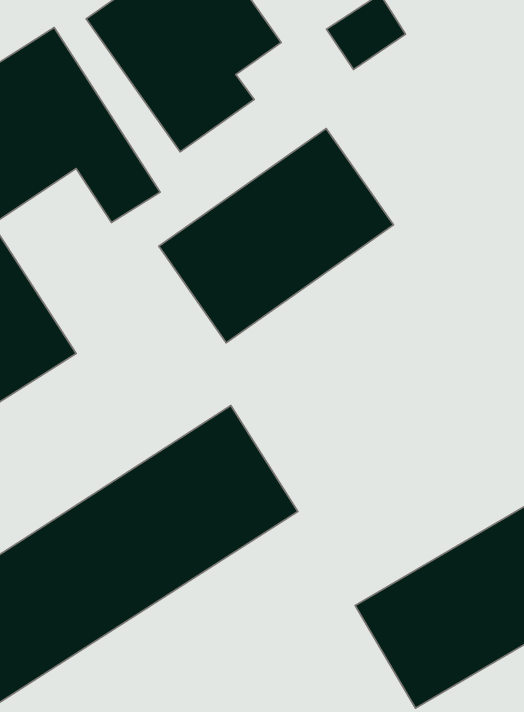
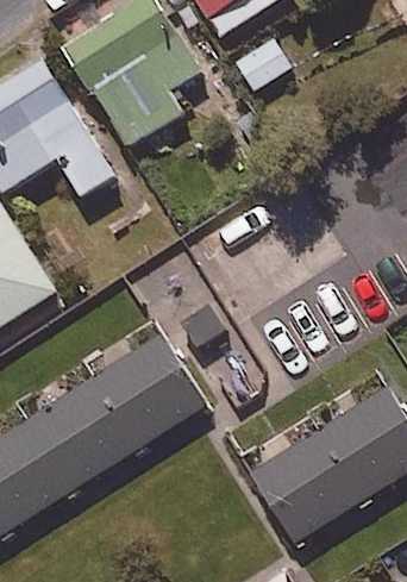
building: [159,129,394,343] -> none

